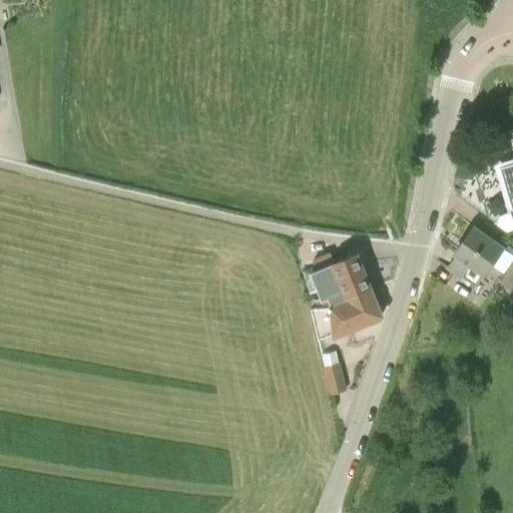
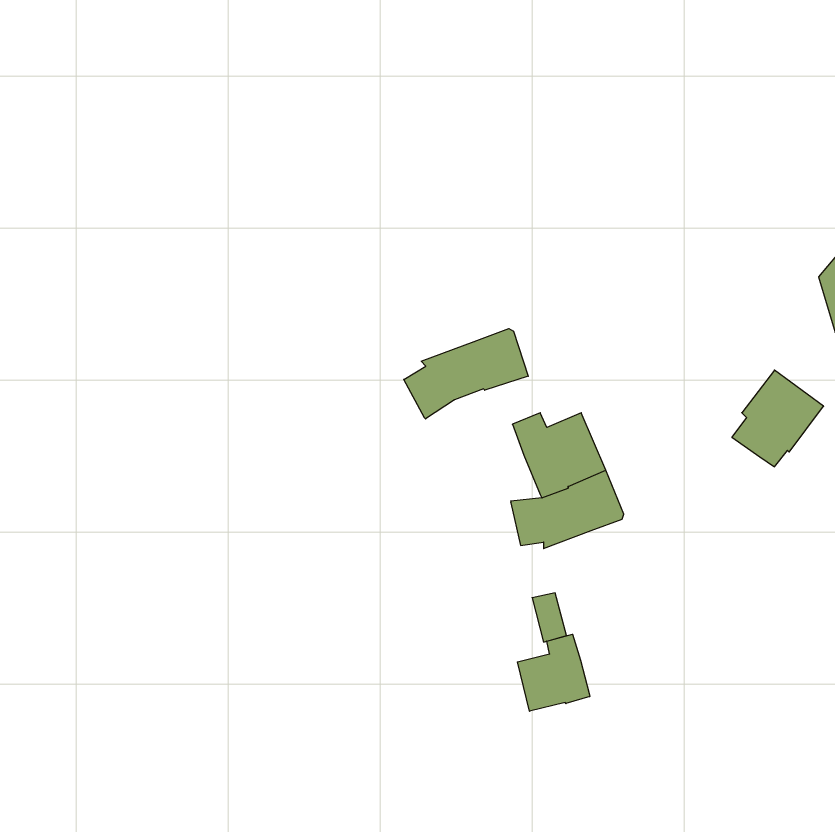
building: none -> [404,329,528,419]
building: none -> [517,634,590,711]

